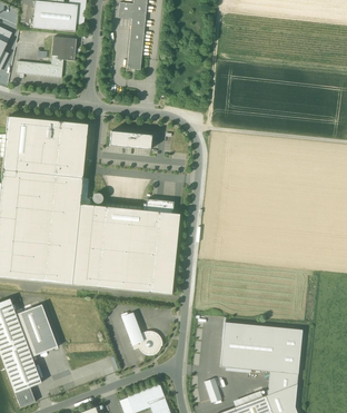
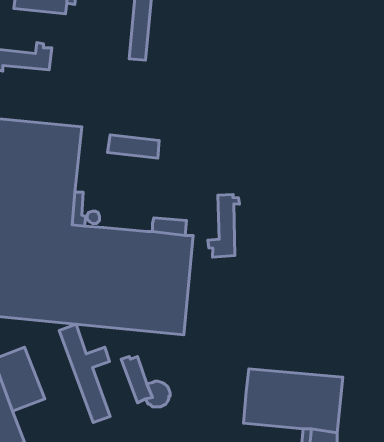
building: [51,36,77,60] -> none
building: none -> [208,195,240,257]
building: none -> [59,324,110,423]

